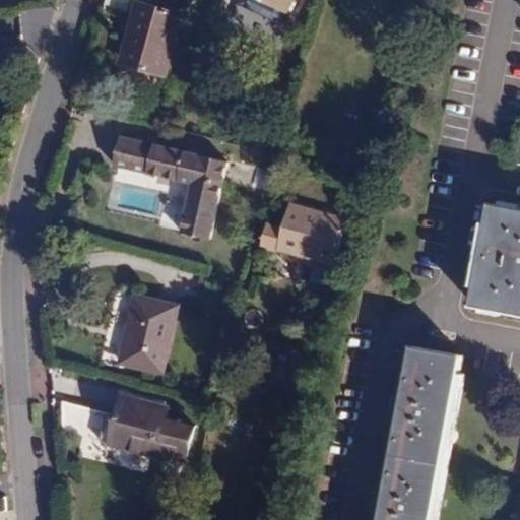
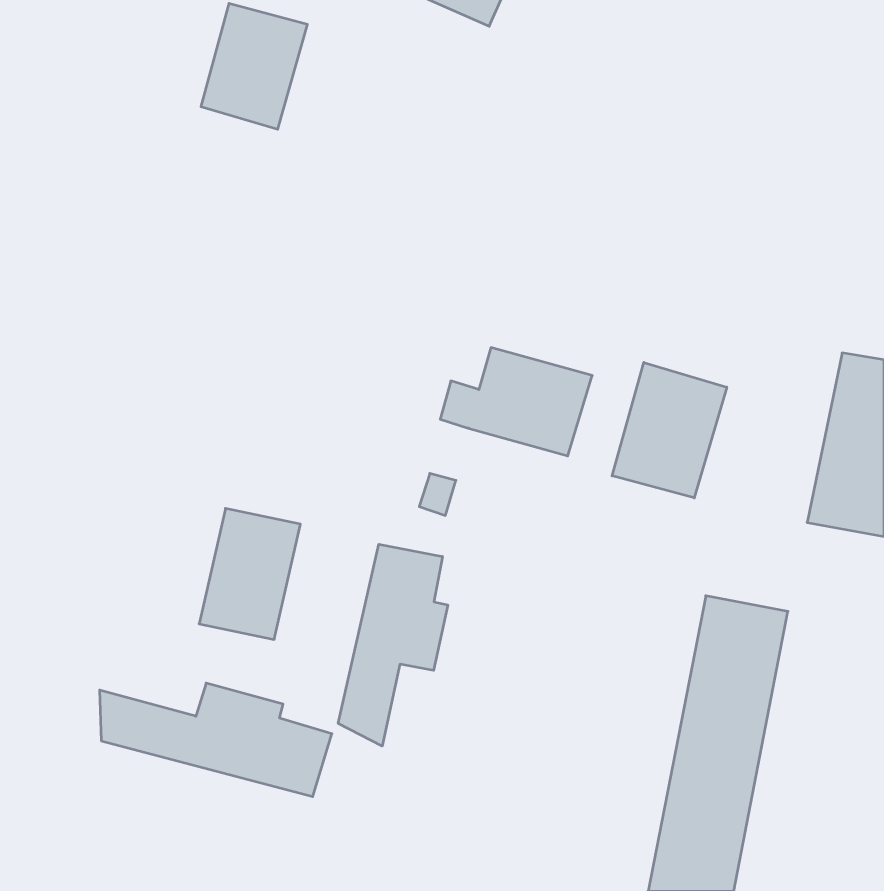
building: [109,136,223,239] -> none
building: none -> [612,362,727,498]
building: none -> [338,544,448,746]

